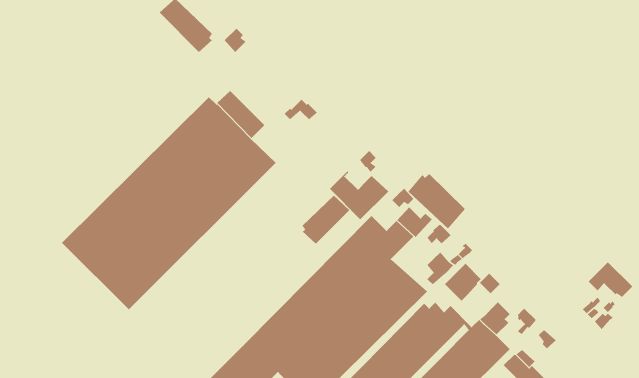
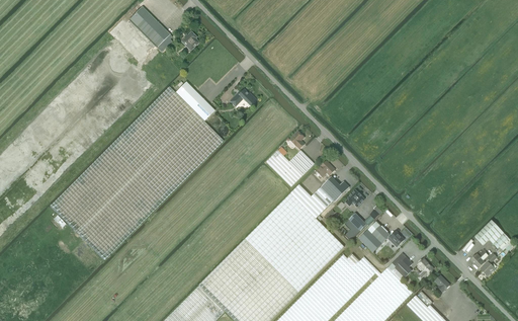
building: [407,173,466,229] -> none
building: [301,195,350,245] -> none

